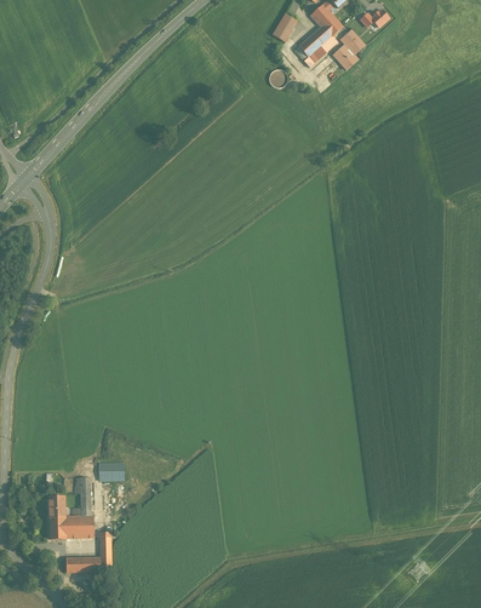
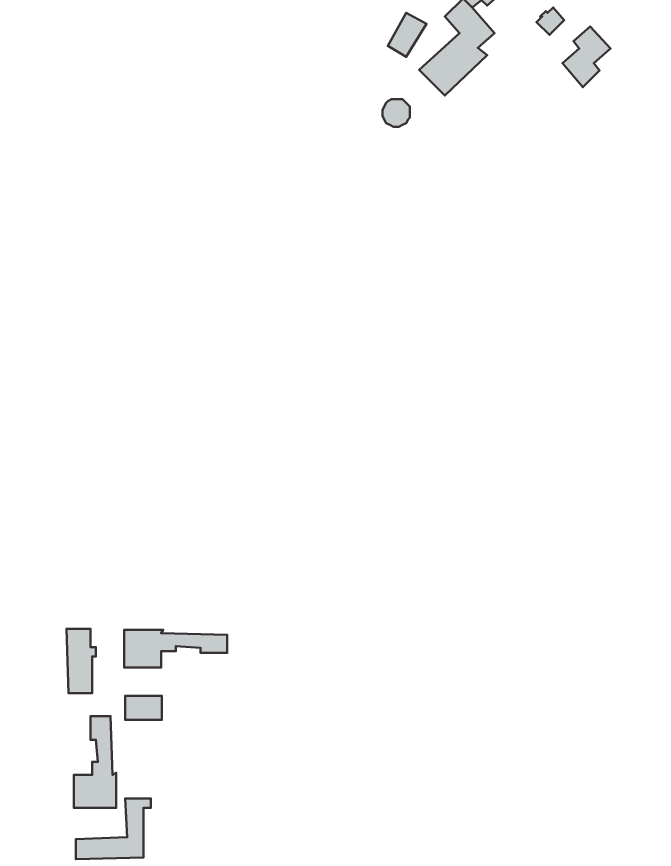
building: [333,30,365,70] -> [563,27,610,87]
building: none -> [124,630,227,668]
building: [48,497,68,539] -> [67,629,96,693]

